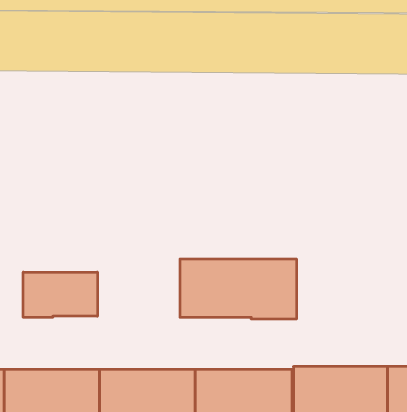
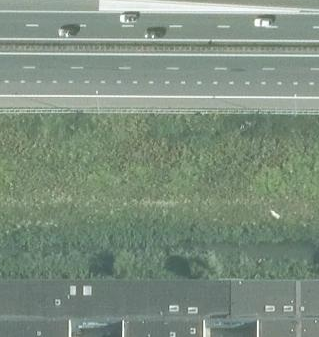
building: [180,259,296,319] -> none
building: [23,272,97,317] -> none

